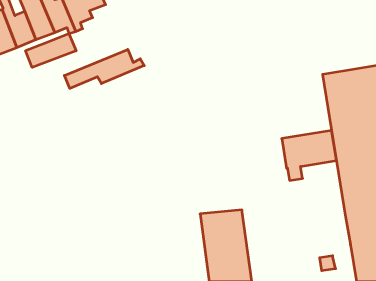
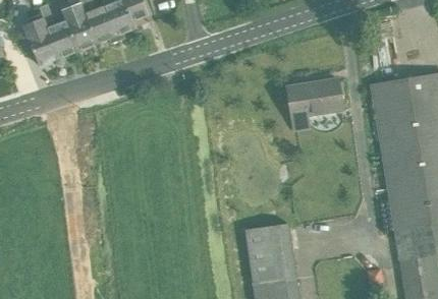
building: [26,34,76,67] -> none
building: [64,49,144,88] -> none
building: [282,131,336,180] -> [287,78,343,129]

